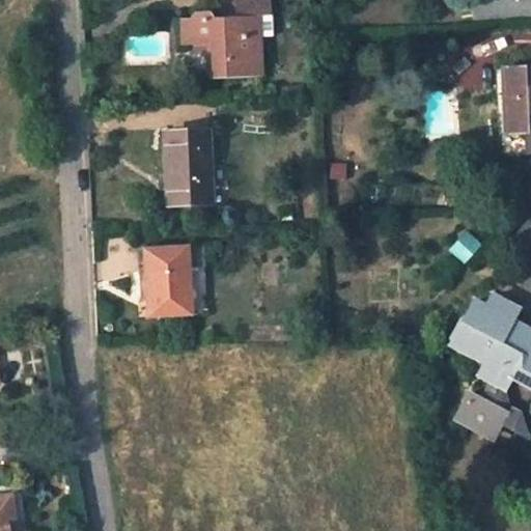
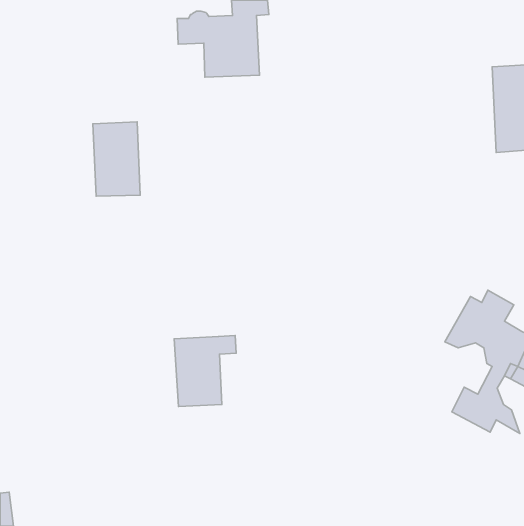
building: [165,130,213,204] -> [93,122,140,196]
building: [145,245,207,316] -> [174,336,236,407]

